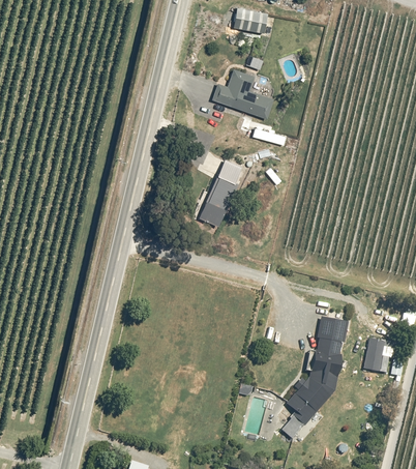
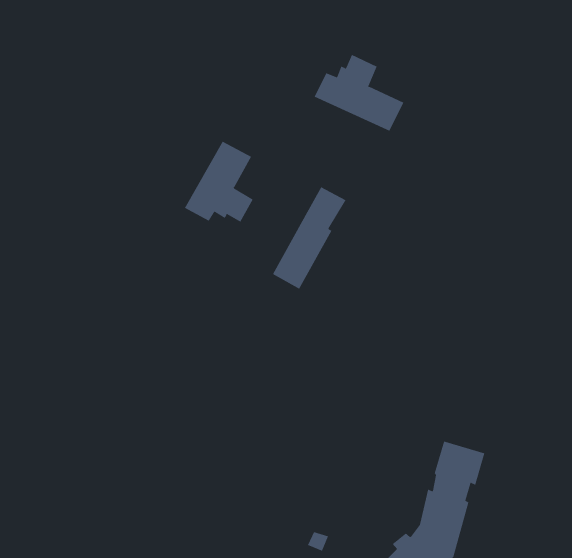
building: none -> [184,141,253,222]
building: [364,339,392,372] -> none

